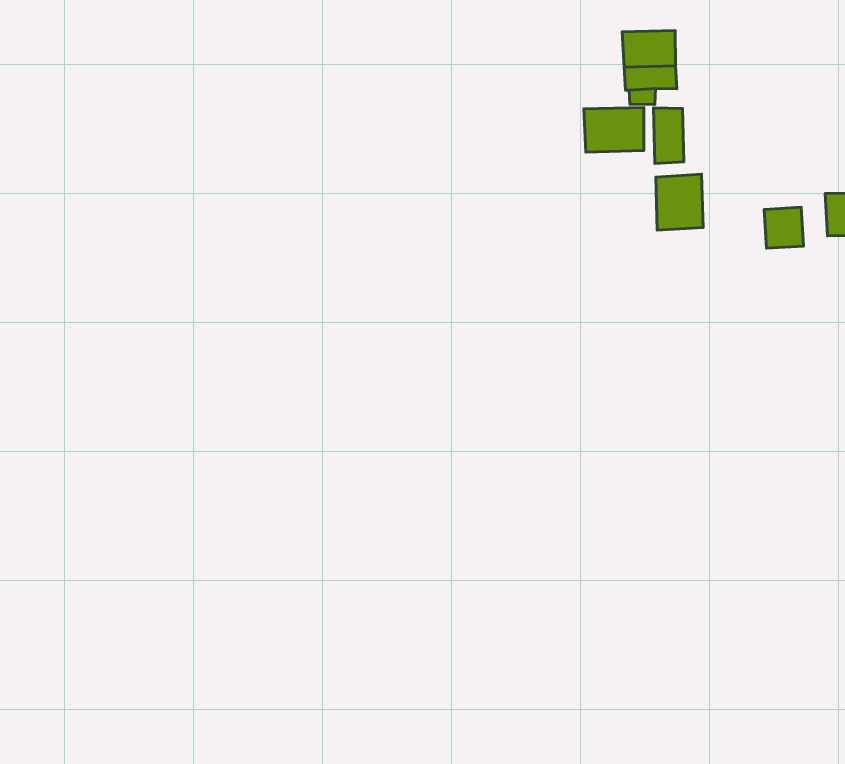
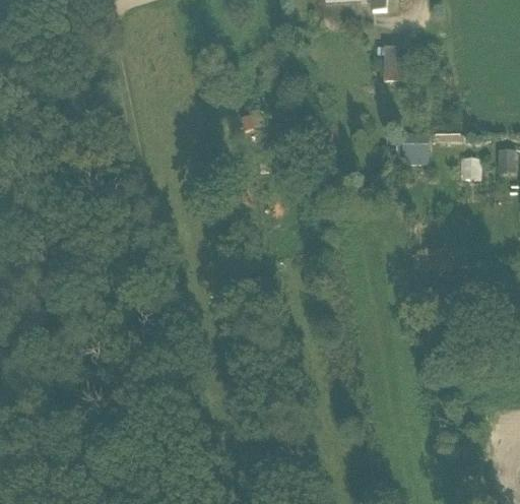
building: [584,107,644,152] -> none
building: [653,108,684,163] -> none

